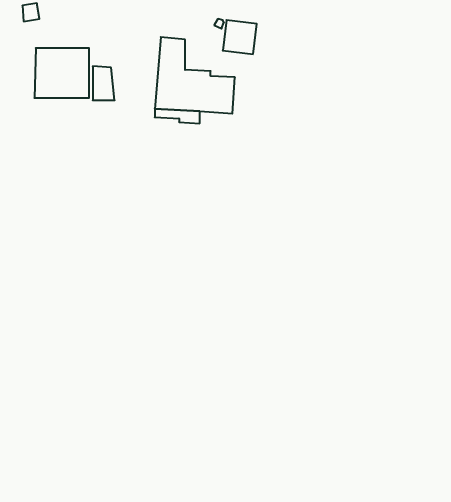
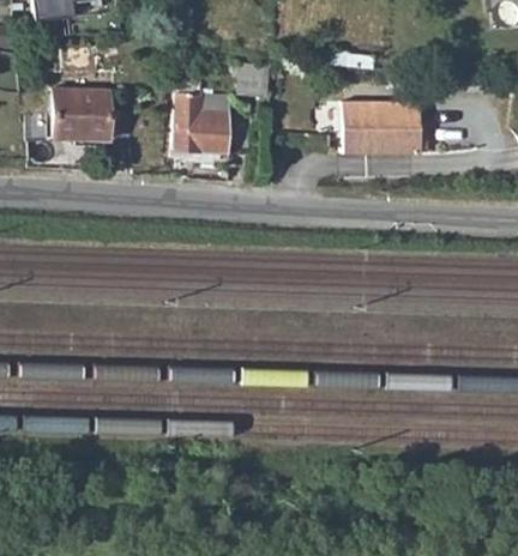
building: none -> [339,99,420,155]

